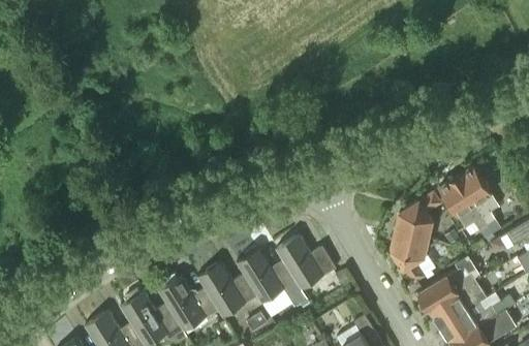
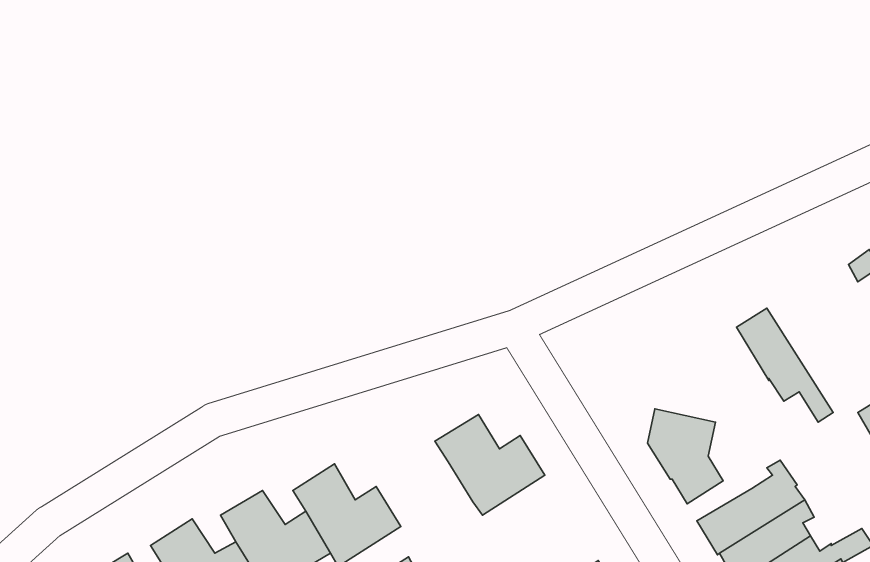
building: [456,166,500,234] -> none
building: [395,194,439,240] -> none
building: [236,249,295,304] -> none

